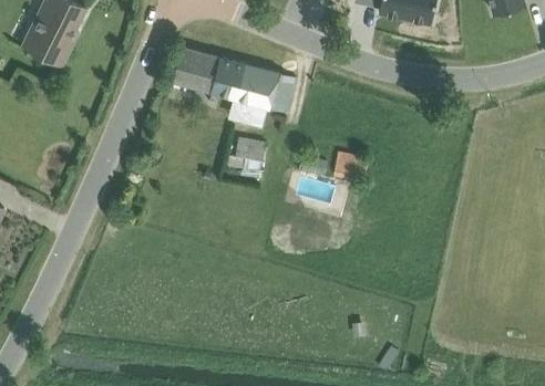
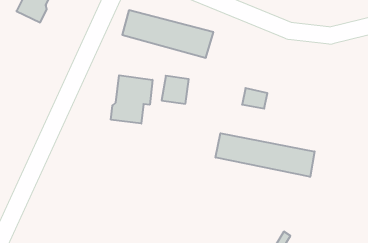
building: none -> [111,75,152,124]
building: none -> [216,133,315,177]

